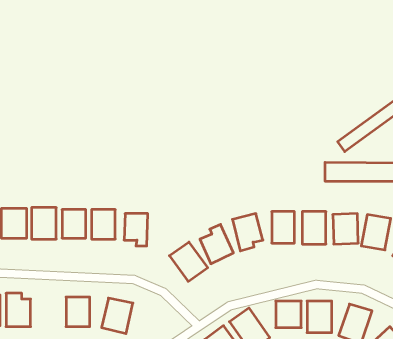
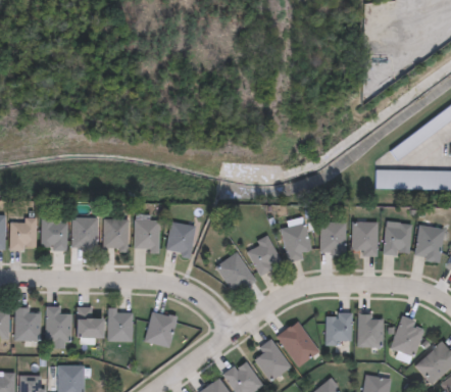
building: none -> [77,307,101,338]

